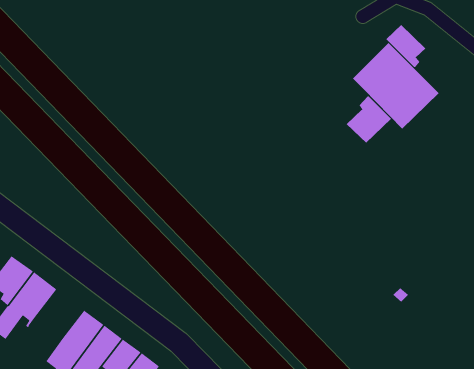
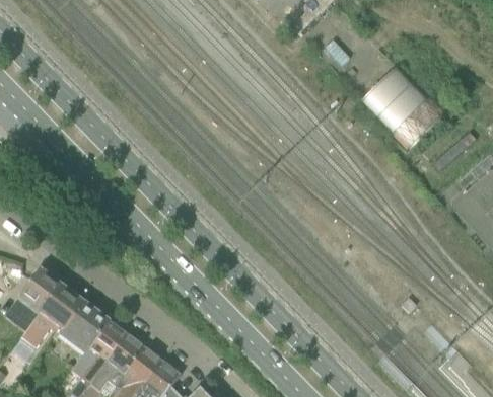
building: [386,24,426,68] -> none
building: [346,96,392,143] -> none
building: none -> [58,301,110,353]

